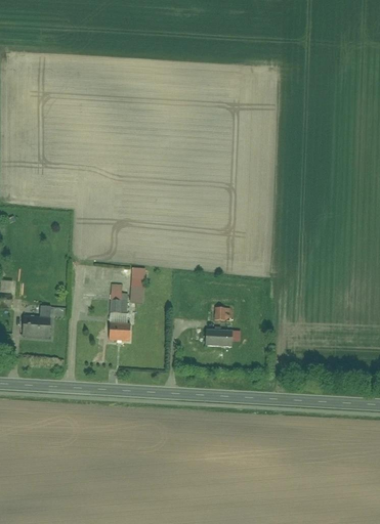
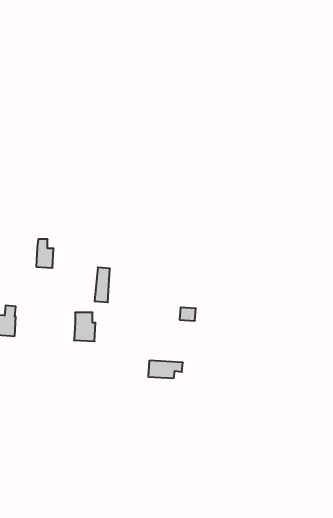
building: [110,285,127,313] -> [36,239,54,268]
building: [205,330,240,347] -> [148,361,183,378]

